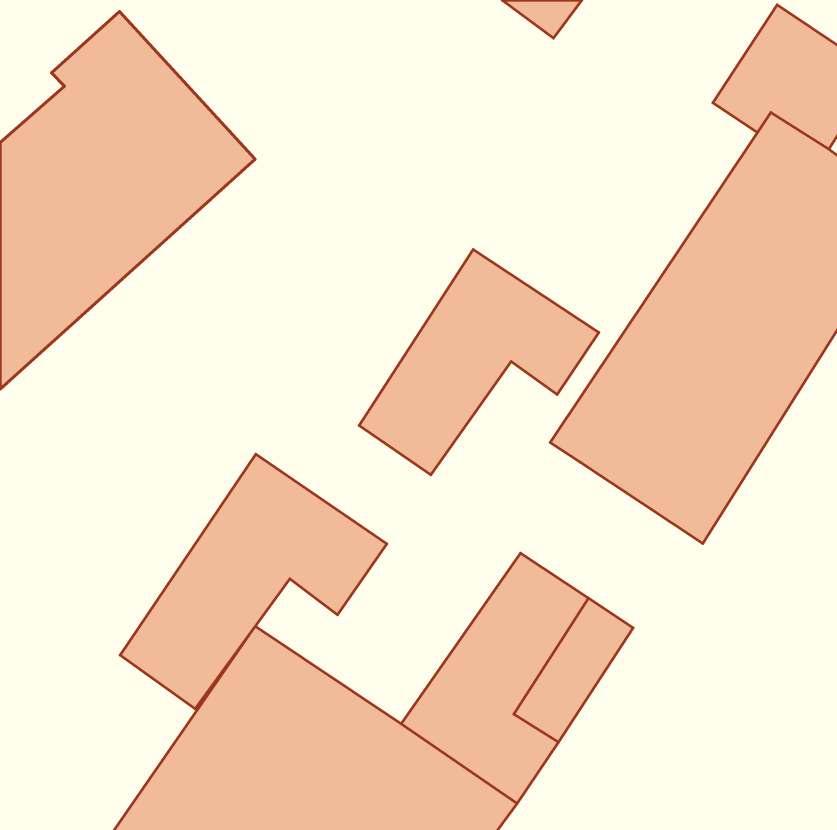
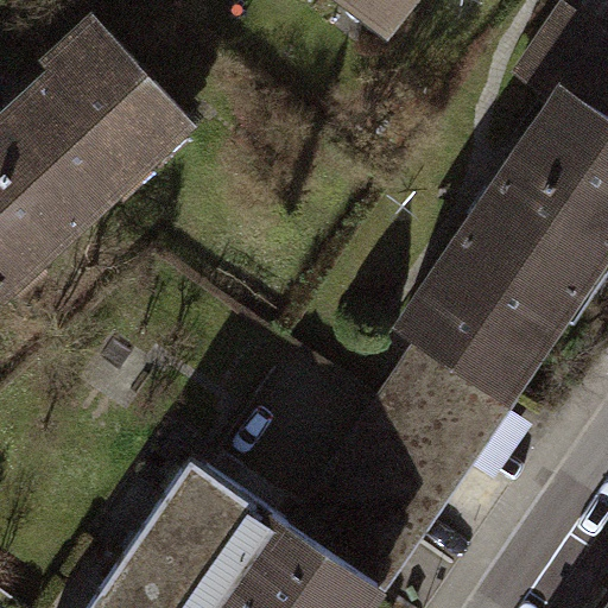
building: [359,249,599,475] -> none
building: [120,454,387,709] -> none
building: none -> [380,343,511,467]

